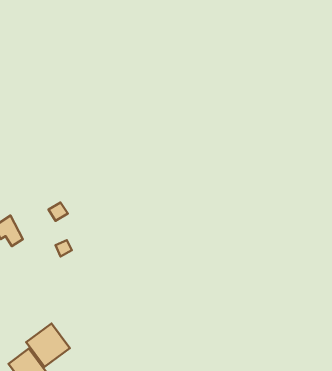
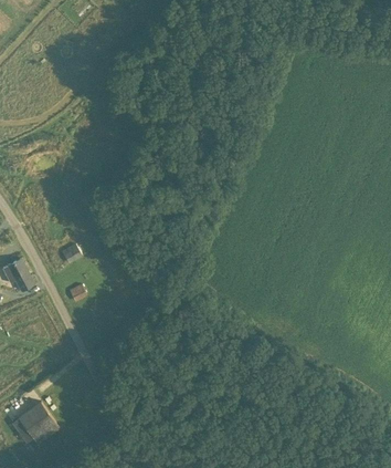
building: [26,323,70,367] -> none

